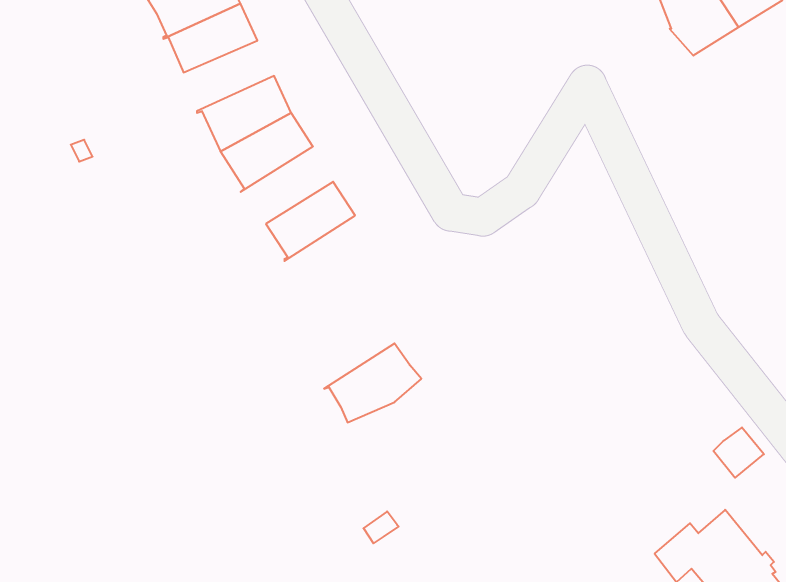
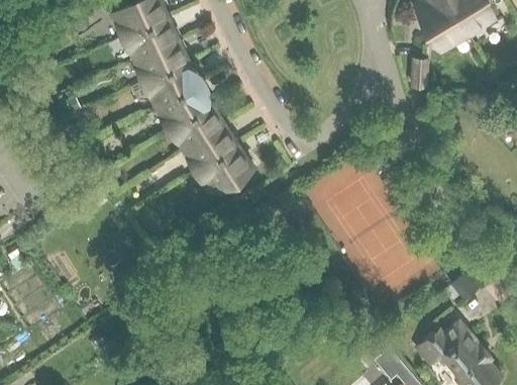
building: none -> [133,40,188,83]
building: none -> [406,58,425,88]
building: none -> [168,104,223,151]
building: [324,343,421,422] -> [194,146,252,193]

